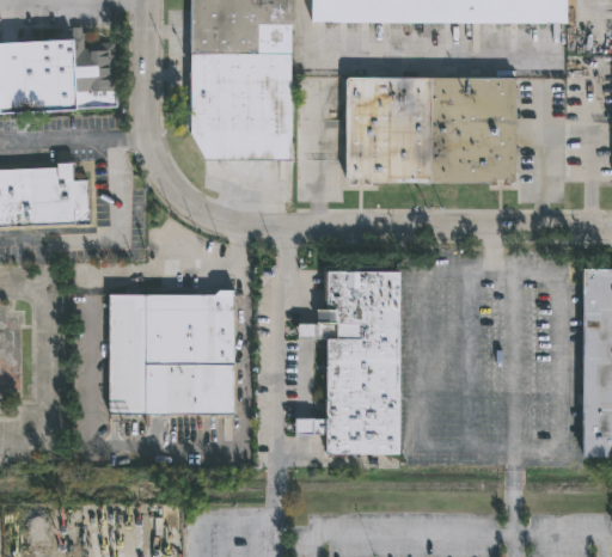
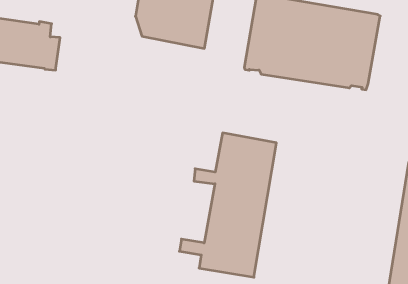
building: [106,289,233,435] -> none

